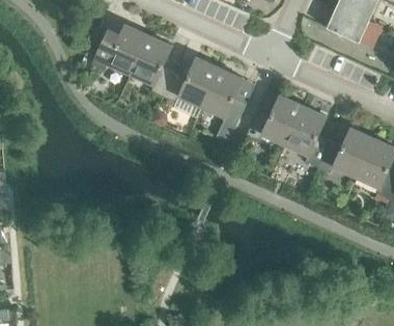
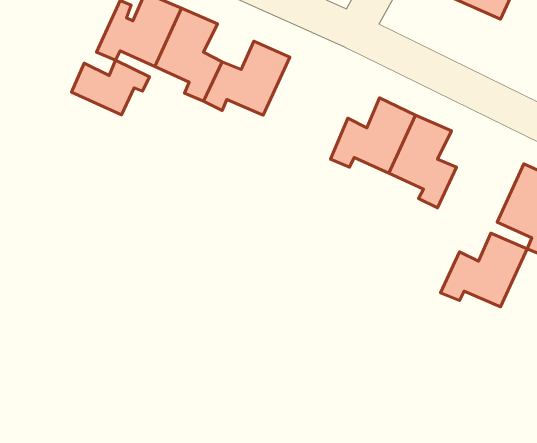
building: [202,67,247,142] -> none
building: none -> [72,60,150,115]
building: [317,128,374,176] -> [441,233,527,307]

